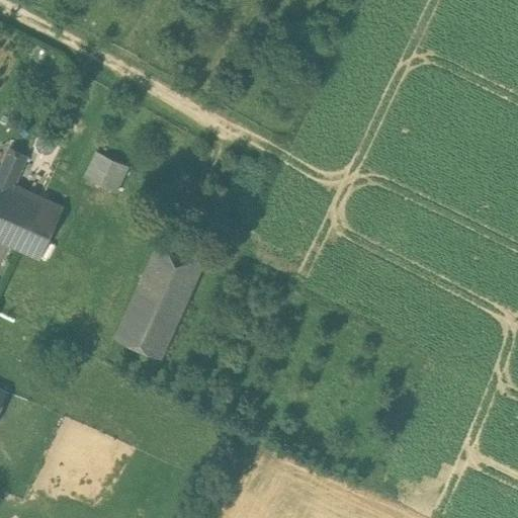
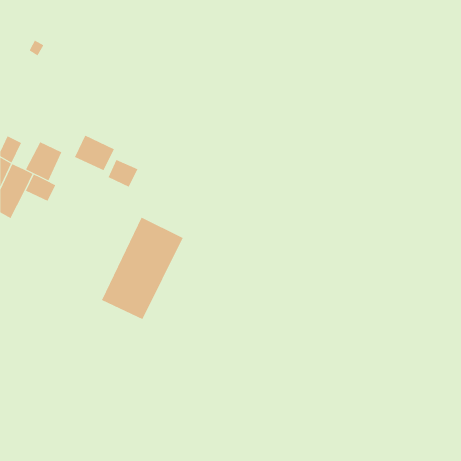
building: none -> [108,159,138,188]
building: [12,214,54,259] -> [25,141,62,181]

